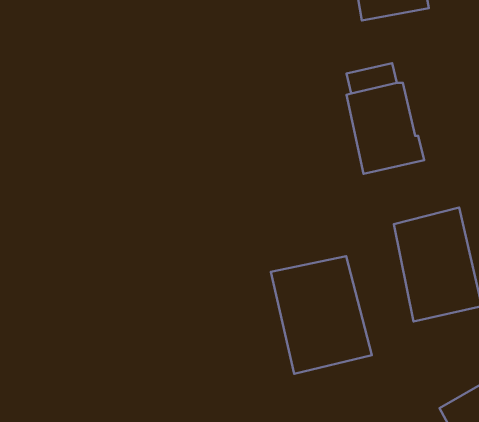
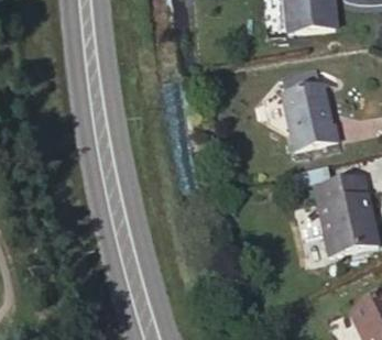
building: [271,256,372,374] -> none

